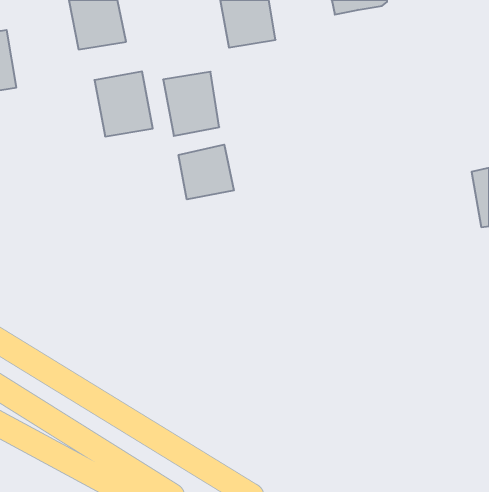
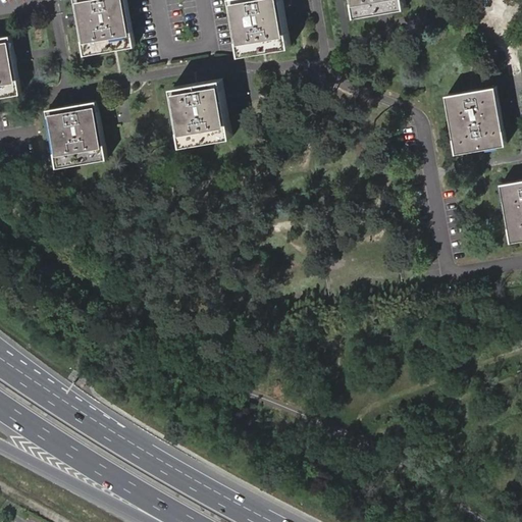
building: [94,71,153,136] -> [44,101,105,169]
building: none -> [439,86,501,156]
building: [179,145,234,199] -> none

